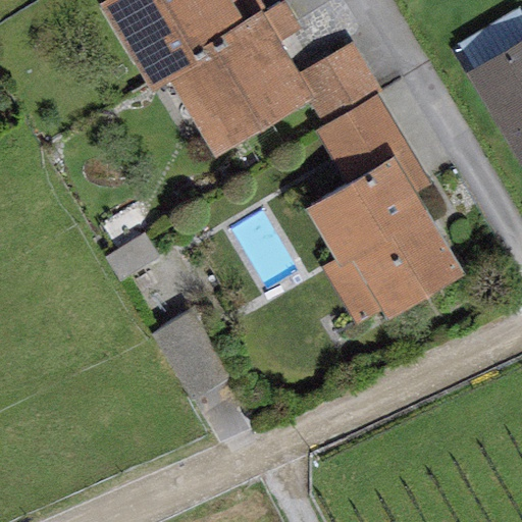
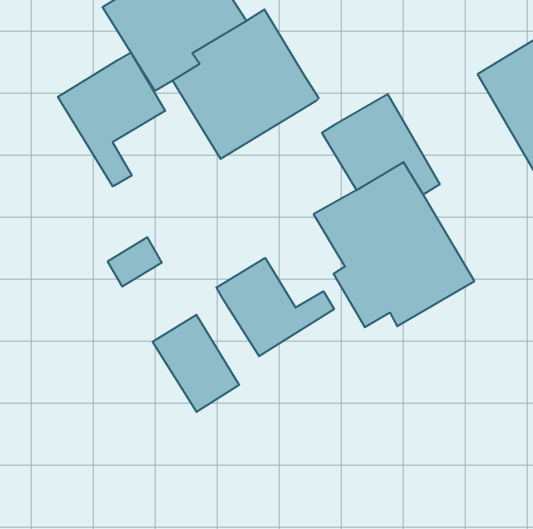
building: [298,40,383,122] -> none
building: none -> [58,53,165,186]
building: none -> [216,258,334,356]

